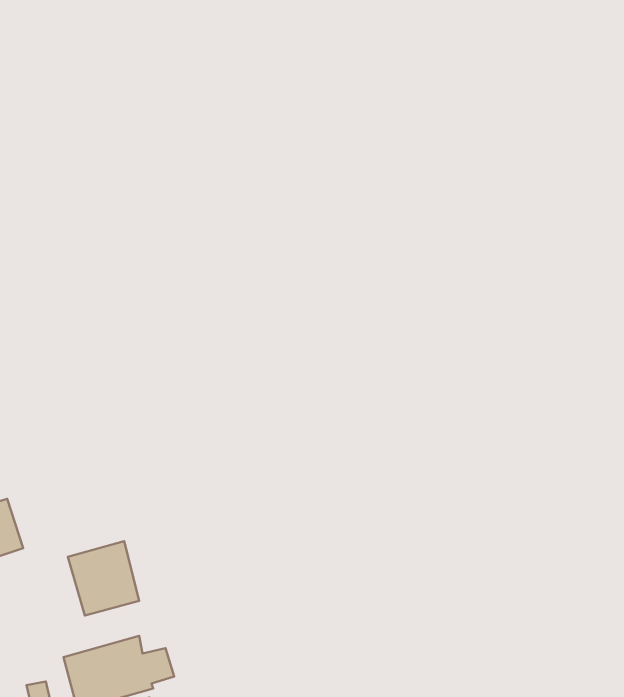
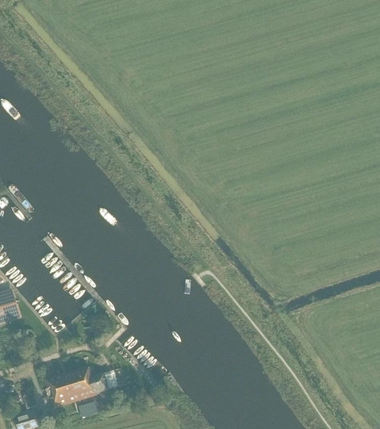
building: [68,541,139,615] -> none

